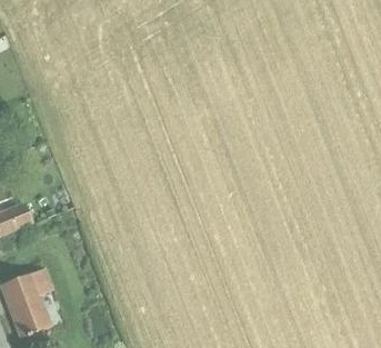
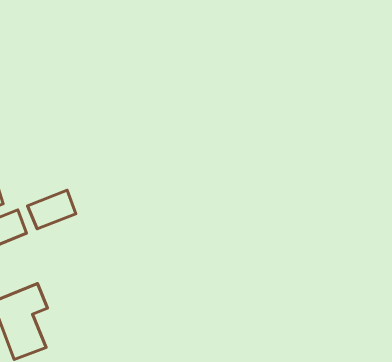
building: none -> [28,190,76,229]

